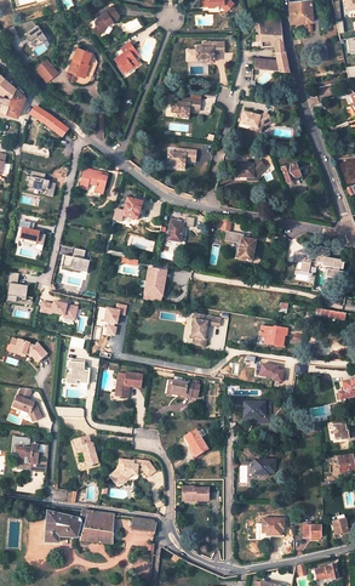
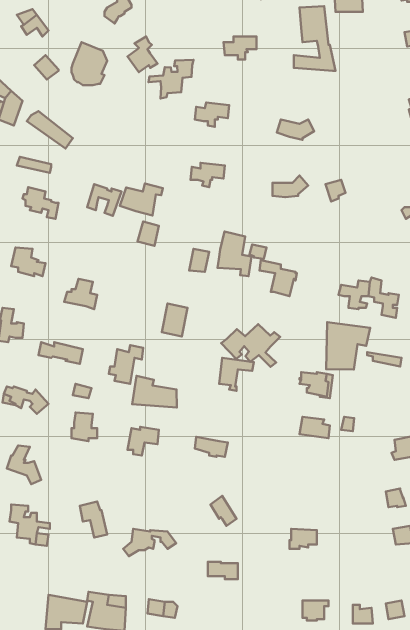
building: none -> [148,60,193,98]
building: none -> [120,183,163,215]
building: none -> [217,231,252,276]
building: none -> [326,322,370,369]
building: none -> [221,324,280,367]
building: none -> [132,376,177,408]
building: [240,400,269,422] -> none

